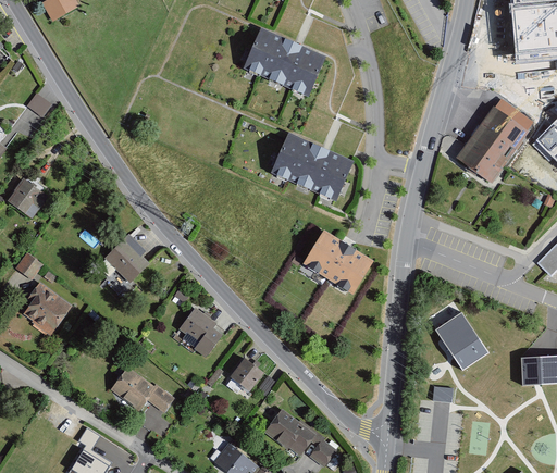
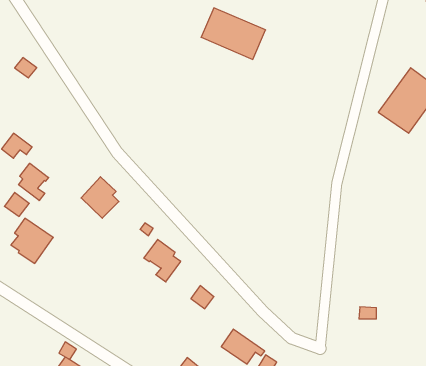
building: [275,137,351,199] -> none
building: none -> [19,163,49,201]
building: [304,229,374,294] -> none
building: [436,311,488,370] -> none
building: [116,371,174,410] -> none

